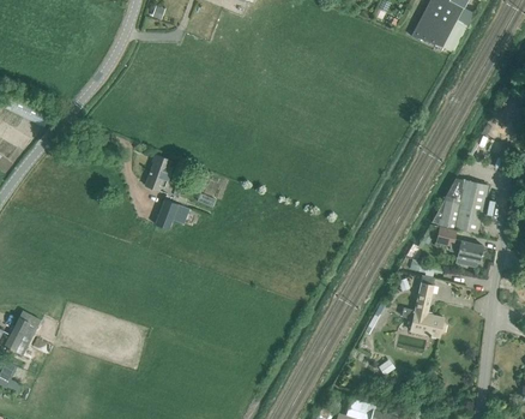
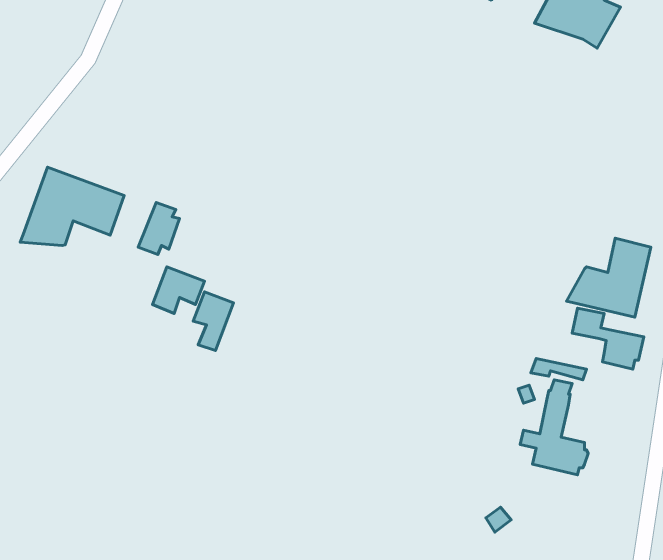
building: none -> [20,167,124,245]
building: none -> [193,292,234,350]

